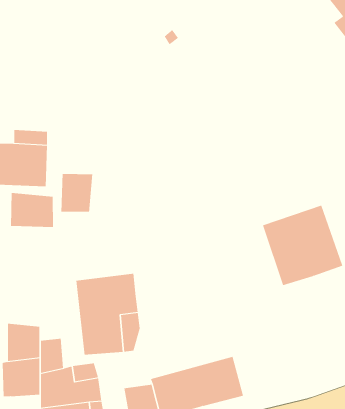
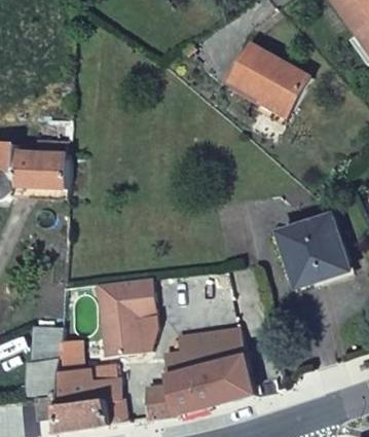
building: none -> [220,40,310,126]
building: [61,173,93,213] -> none
building: [10,192,53,228] -> none
building: none -> [161,324,247,378]

